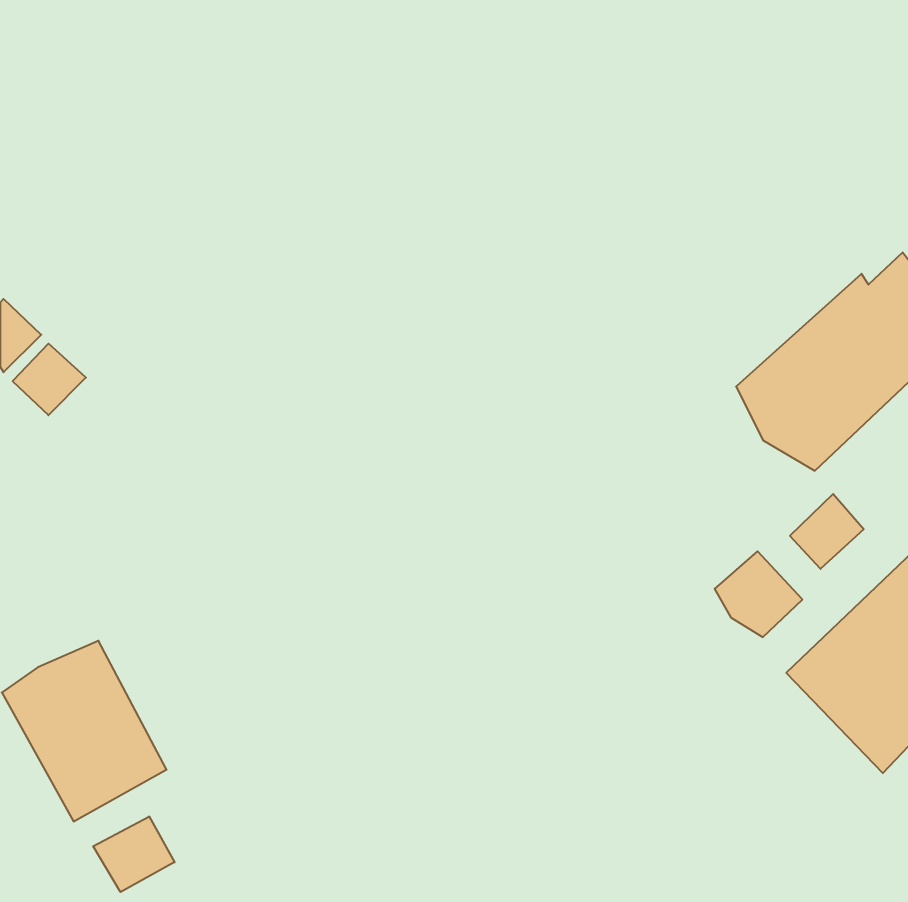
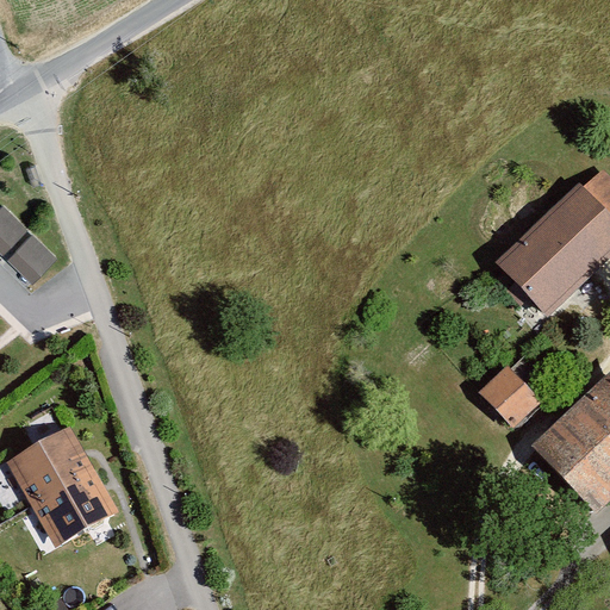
building: [790,494,864,569] -> none
building: [93,816,175,892] -> none

